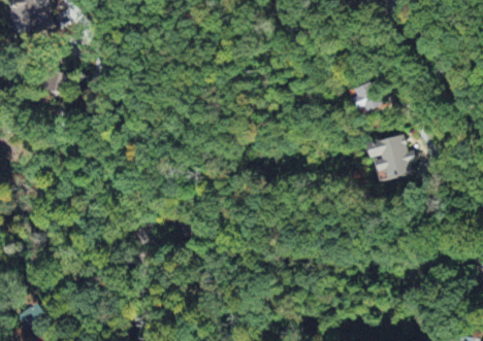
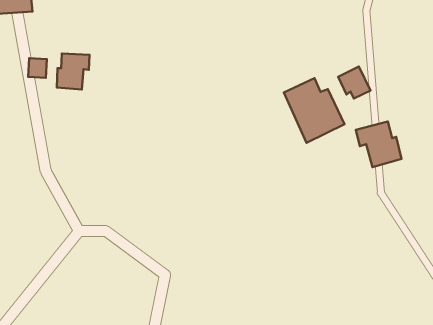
building: none -> [57,53,89,89]
building: none -> [284,78,344,143]

